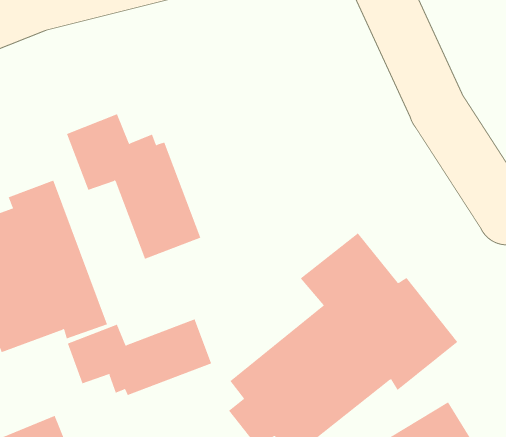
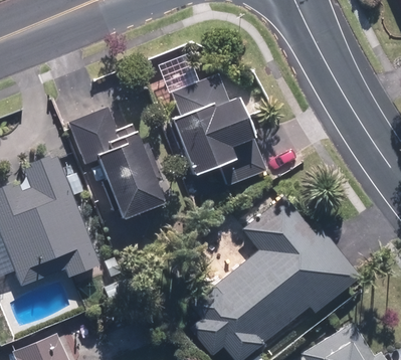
building: none -> [168,75,265,187]
building: [67,319,212,396] -> none

